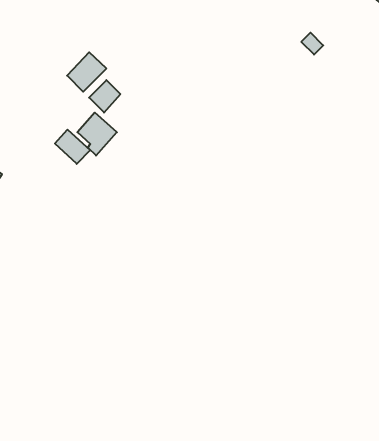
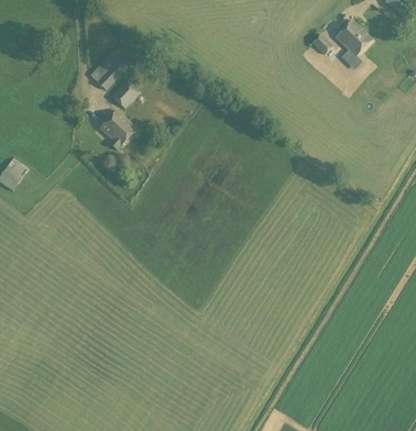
building: none -> [335,19,370,56]
building: [55,130,90,164] -> none

